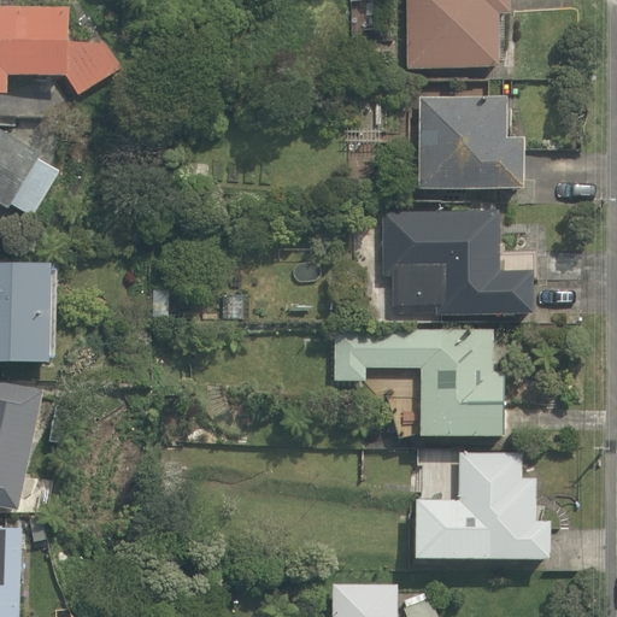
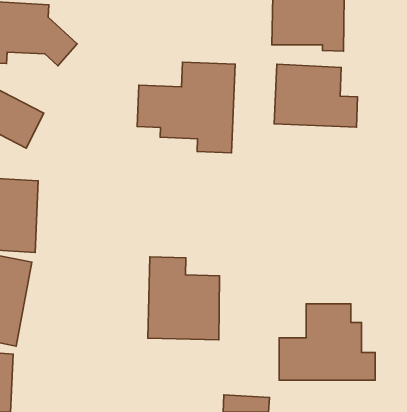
building: none -> [137,62,235,153]
building: [370,206,534,315] -> none
building: [328,324,511,437] -> none
building: none -> [148,257,219,340]

